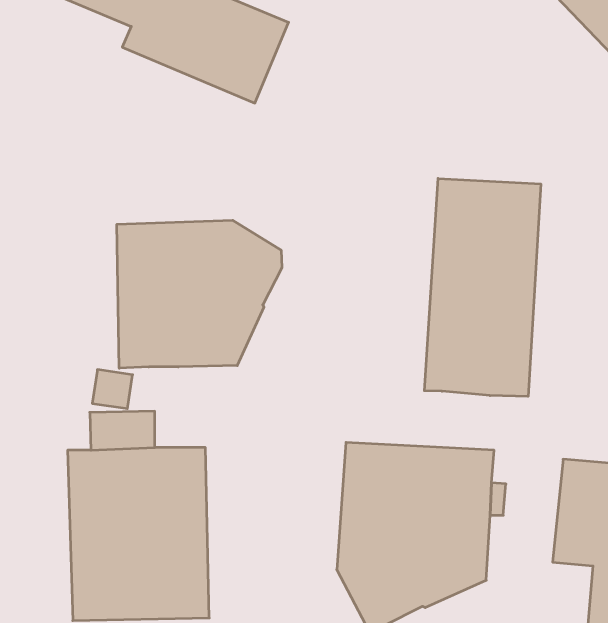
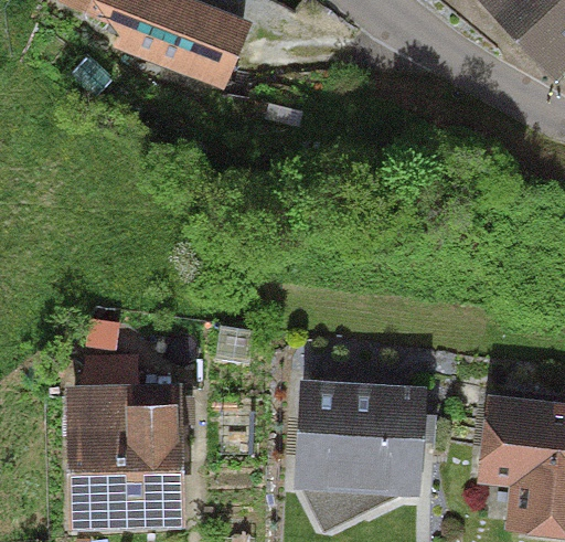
building: [424,178,541,396] -> none
building: [117,220,282,368] -> none

